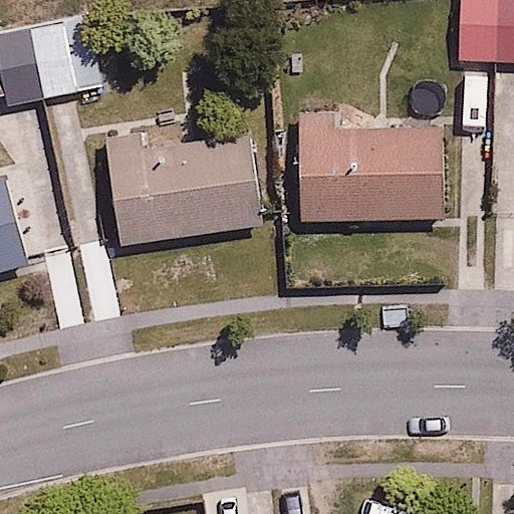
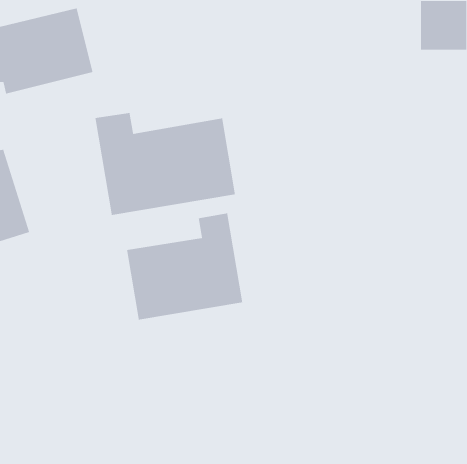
building: [300,126,446,220] -> none
building: none -> [126,212,243,320]

